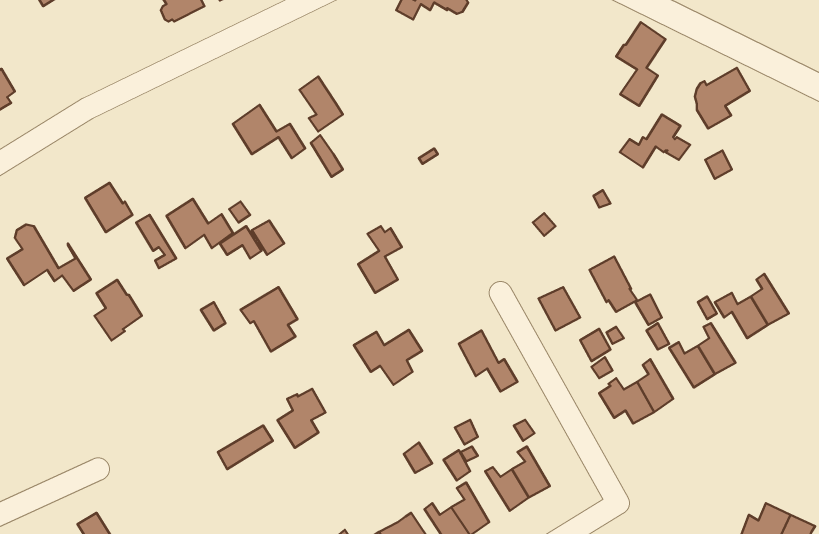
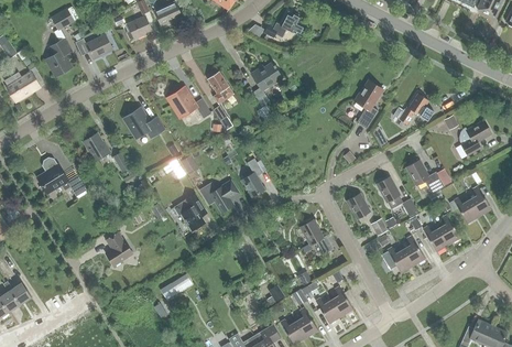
building: none -> [75,33,112,58]
building: none -> [41,36,73,77]
building: [616,22,666,106] -> [353,79,382,128]
building: none -> [251,62,281,105]
building: [695,68,750,129] -> [459,119,491,154]
building: [166,199,233,248] -> [124,108,163,137]
building: none -> [405,159,444,193]
building: [95,280,142,341] -> [105,231,132,267]
building: [354,330,422,385] -> [198,180,238,212]
building: [277,389,325,448] -> none

